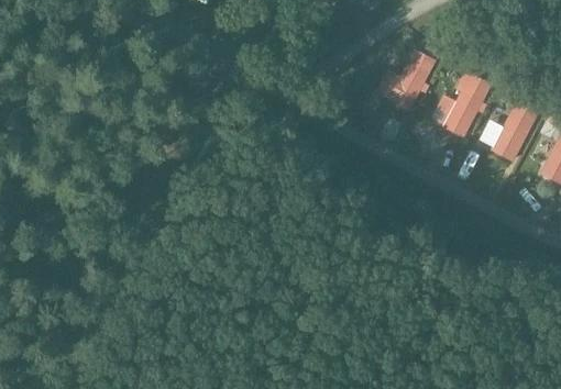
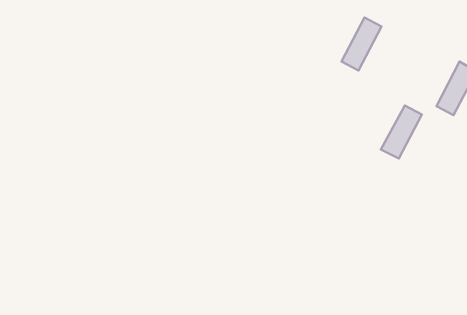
building: [444,74,490,132] -> [381,106,422,158]

